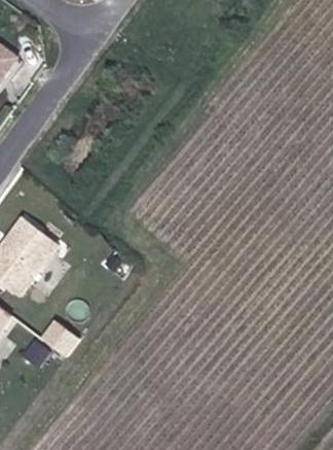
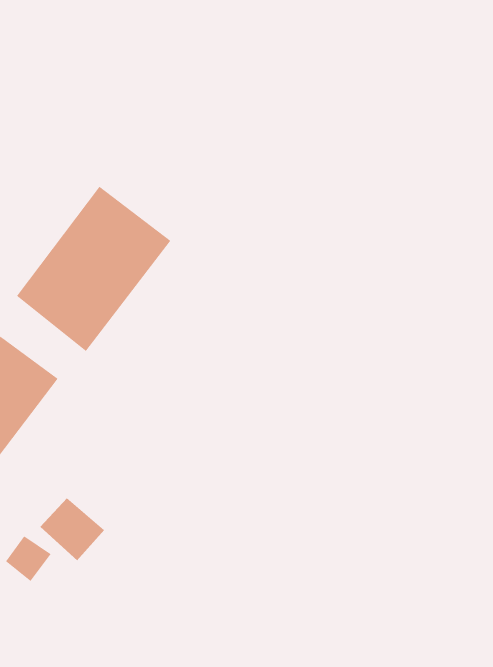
building: none -> [16,186,171,352]

